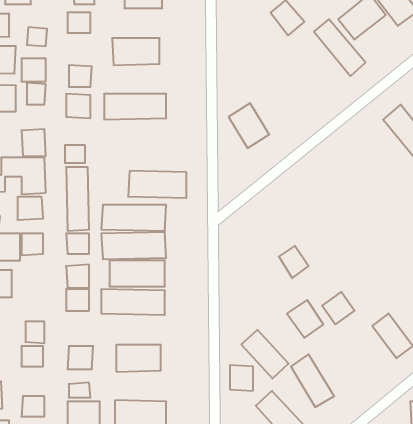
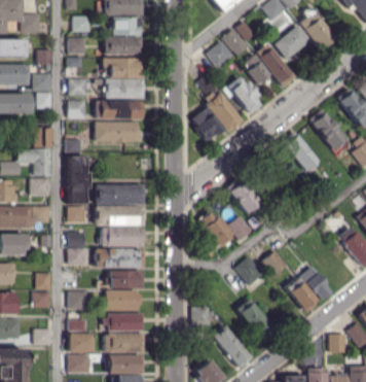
building: none -> [105,36,142,55]
building: none -> [207,40,234,68]
building: none -> [243,54,271,83]
building: none -> [223,74,264,114]
building: none -> [105,78,143,98]
building: none -> [204,89,240,132]
building: none -> [283,132,319,171]
building: [128,171,186,198] -> [95,121,139,142]
building: none -> [226,178,260,213]
building: none -> [109,270,143,288]
building: [241,330,289,379] -> [198,210,234,247]
building: none -> [290,282,317,311]
building: none -> [107,313,143,332]

